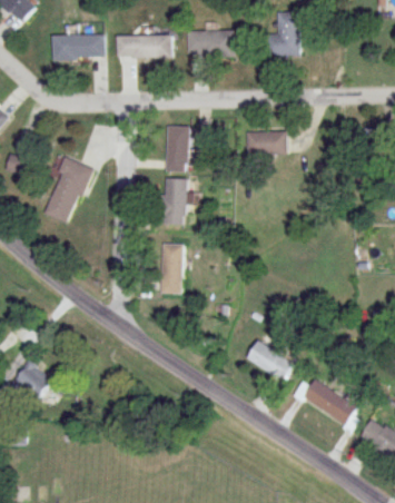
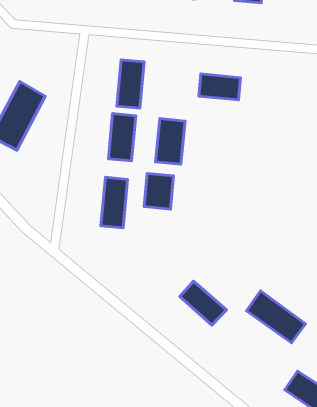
building: none -> [156,119,185,164]
building: none -> [144,173,174,209]
building: [298,378,358,427] -> [247,291,305,343]

